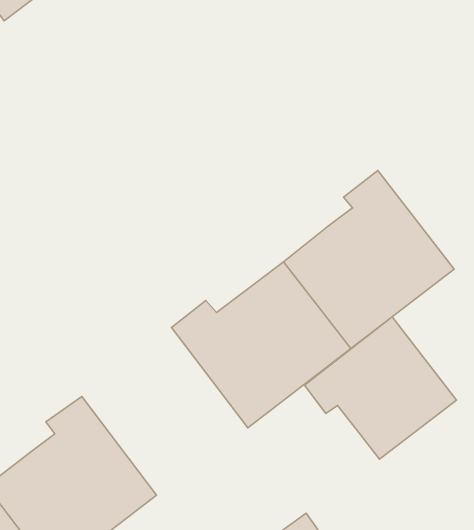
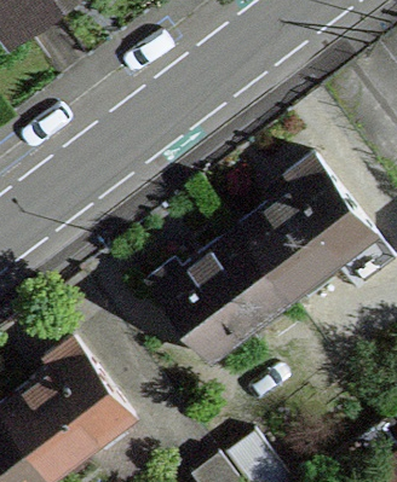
building: [304,317,456,459] -> none

